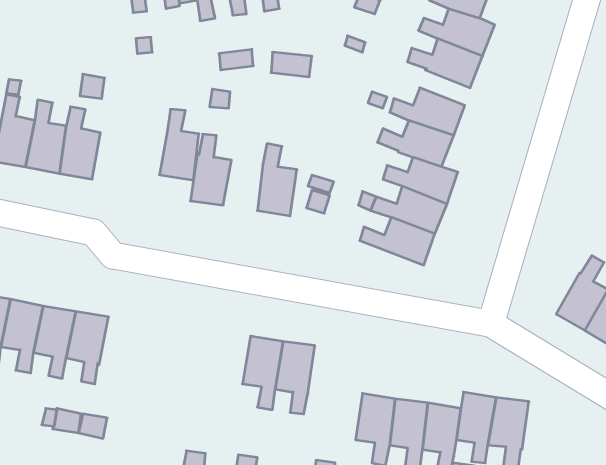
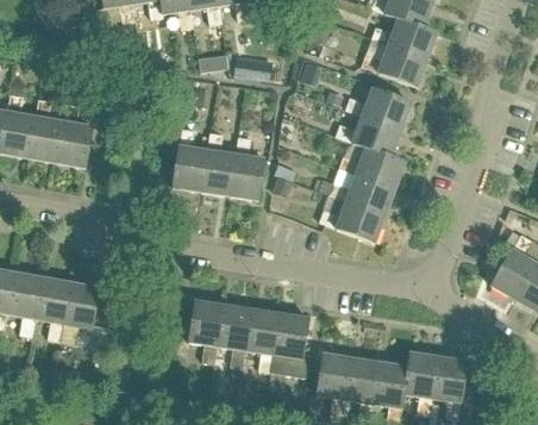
building: [159,109,199,180] -> [200,132,234,194]
building: none -> [188,299,224,363]
building: none -> [270,312,309,377]

